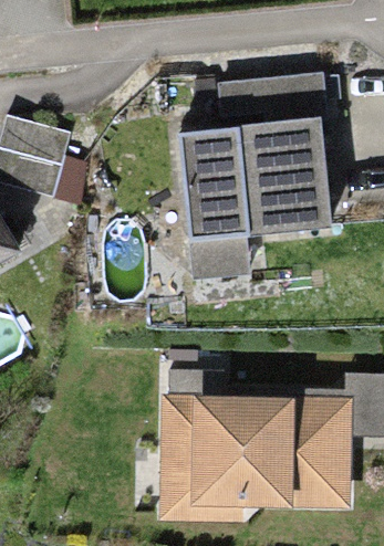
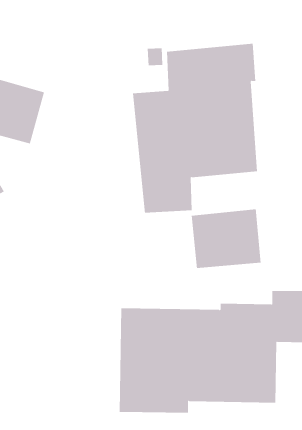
building: none -> [191,209,261,269]

